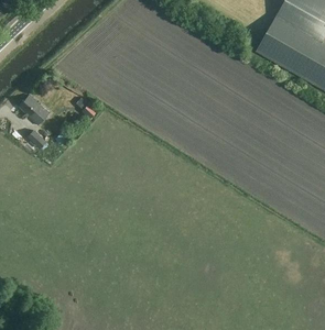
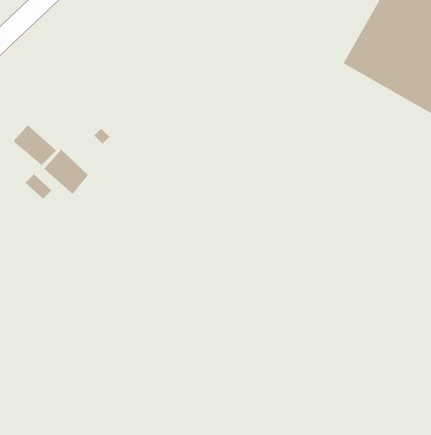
building: none -> [44,149,89,195]

